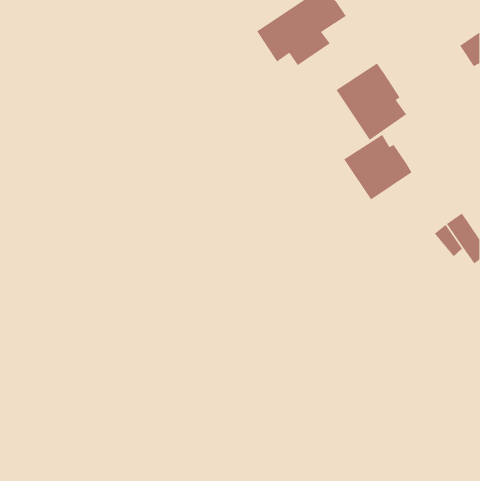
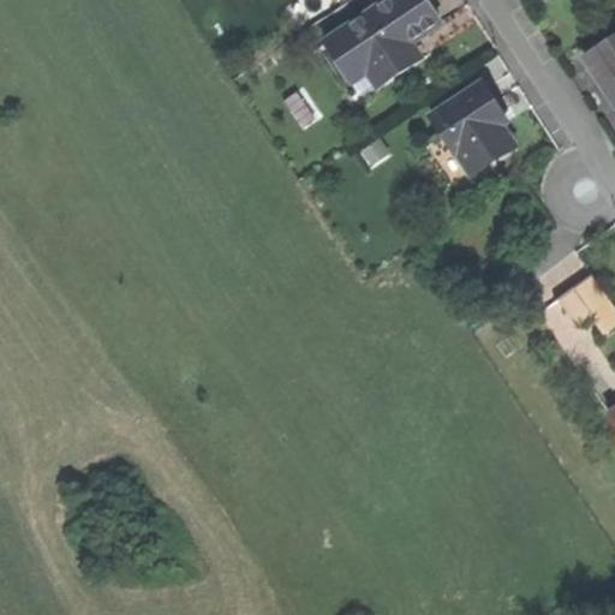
building: [343,134,413,200] -> none

